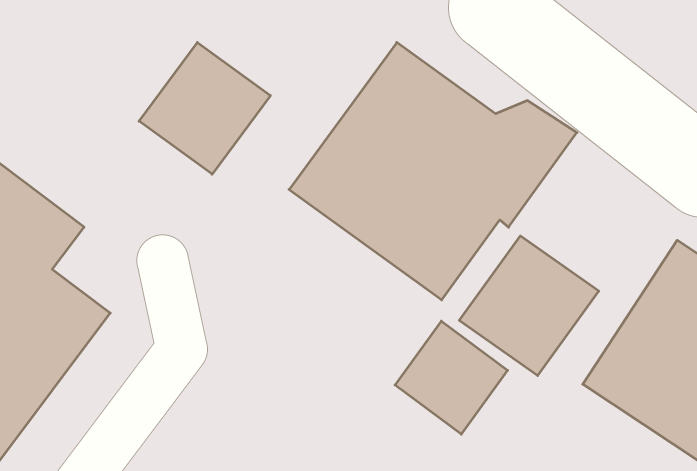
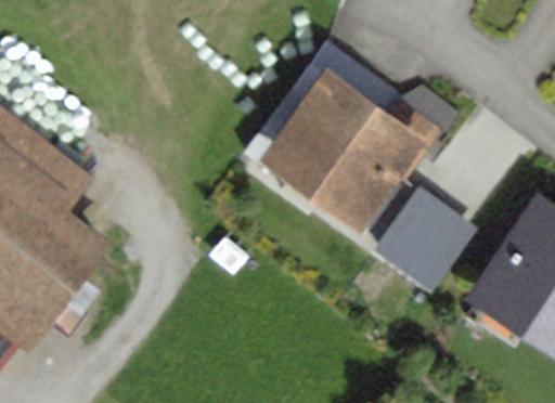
building: [139,42,270,174] -> none
building: [395,321,508,434] -> none

